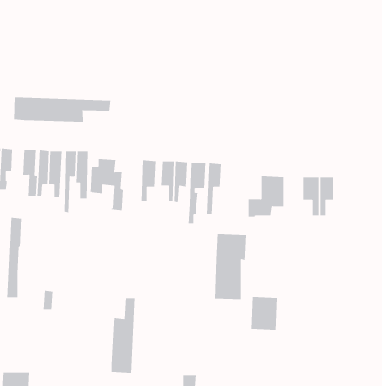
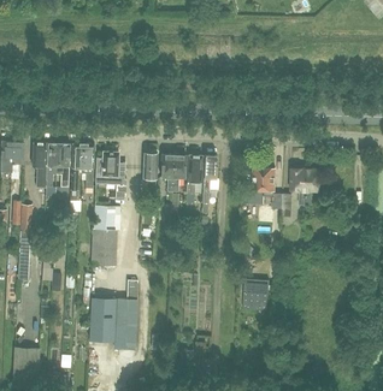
building: [14,97,111,123] -> none
building: [214,234,247,300] -> [92,205,122,266]
building: none -> [89,296,117,340]

